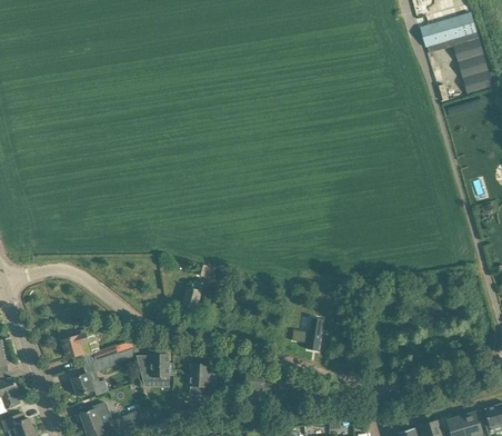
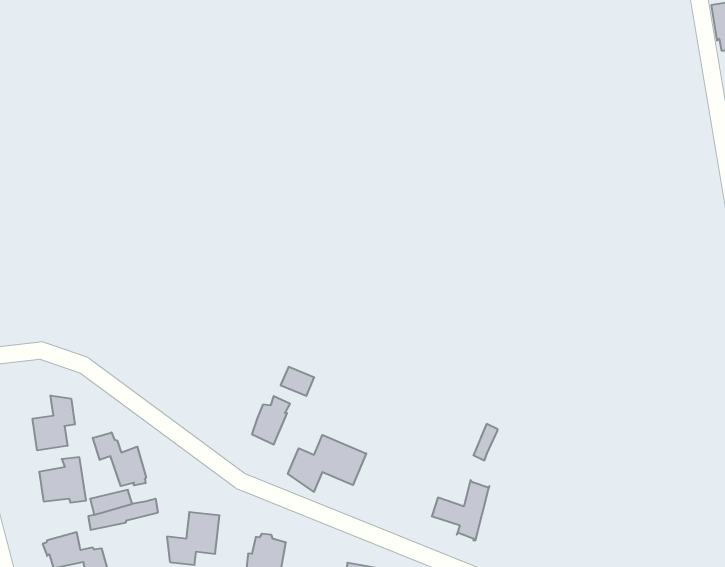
building: none -> [33,395,75,450]
building: none -> [288,435,366,492]
building: none -> [93,432,146,486]

